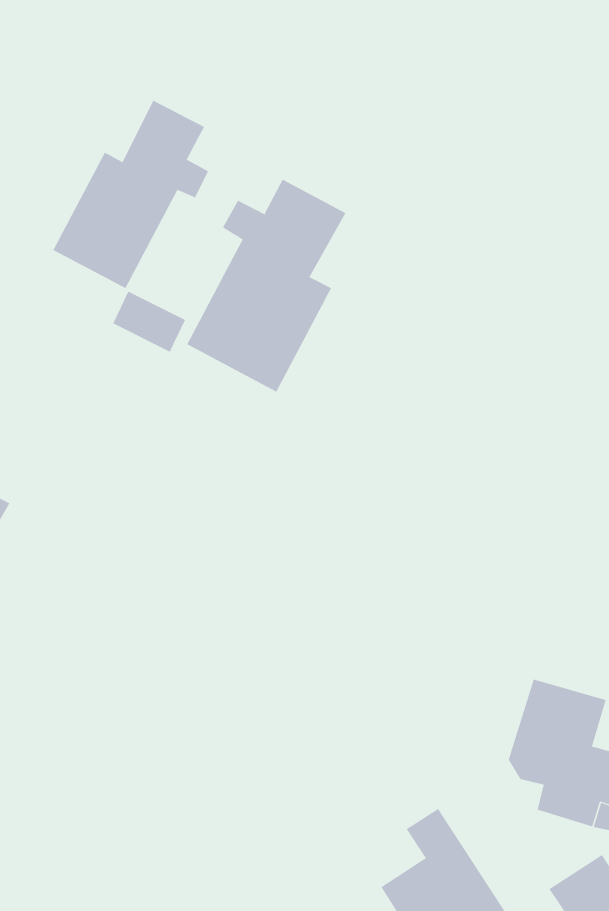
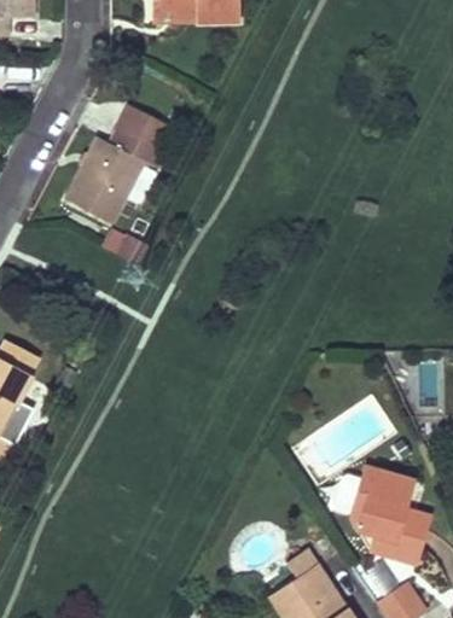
building: [187,179,346,392] -> none

